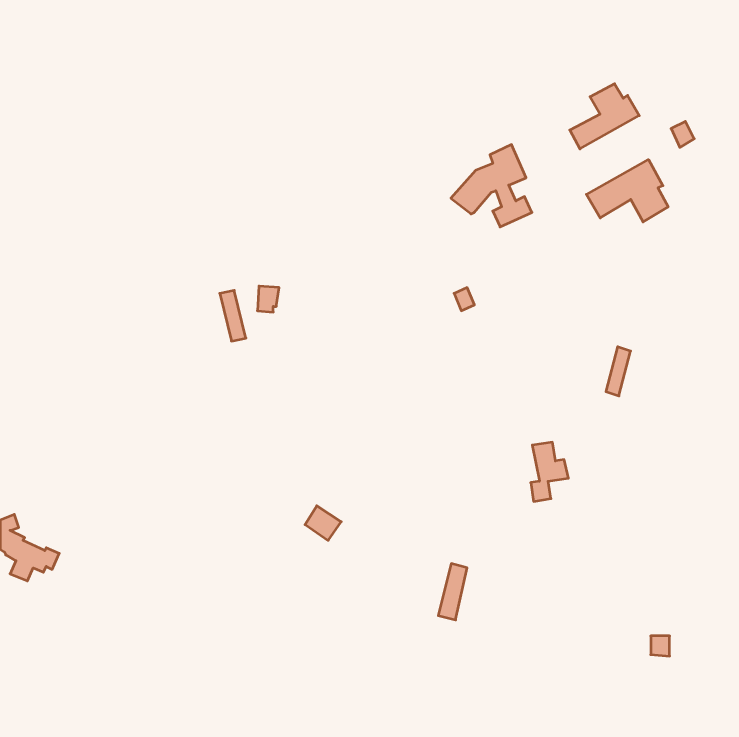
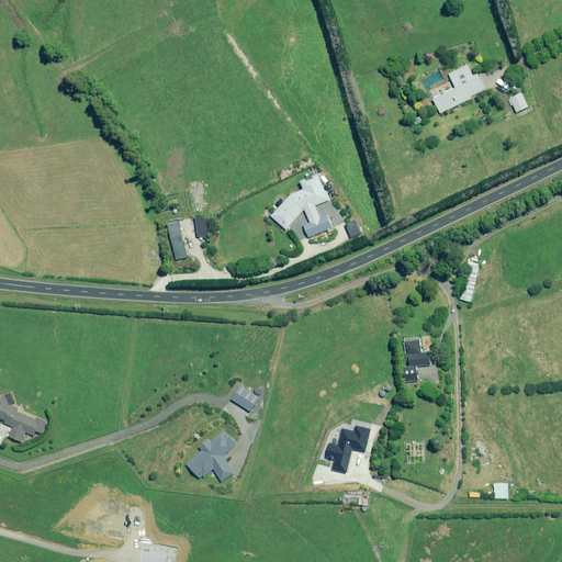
building: [451,145,532,227] -> [271,175,333,237]
building: [586,160,668,222] -> none
building: none -> [187,431,236,481]

